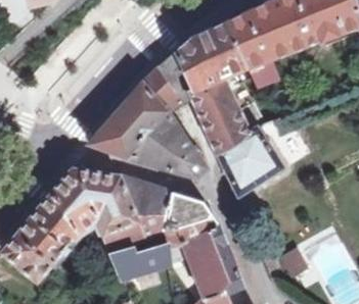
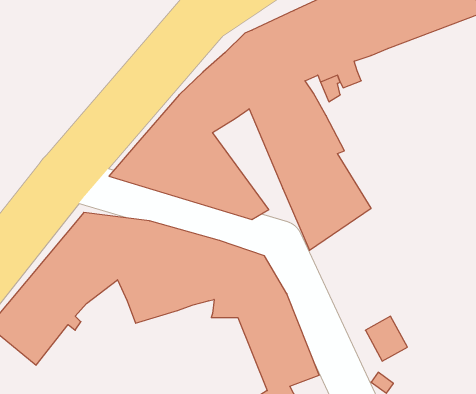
building: [109,238,167,282] -> none

